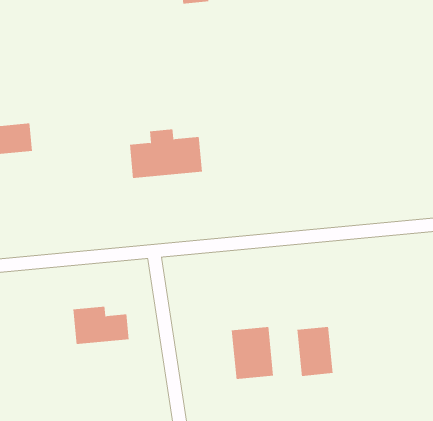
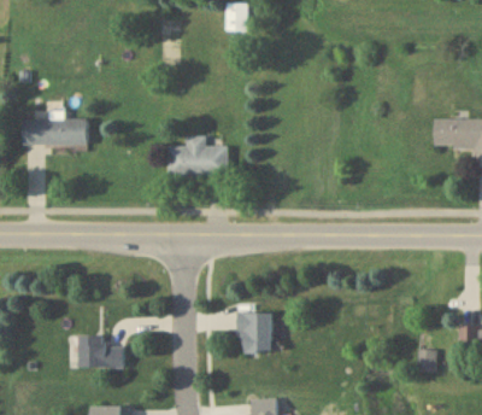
building: [73,306,130,345] -> [77,337,123,367]
building: [297,326,333,377] -> none

